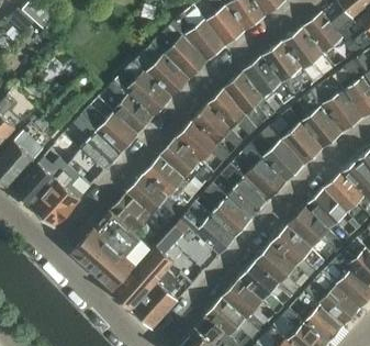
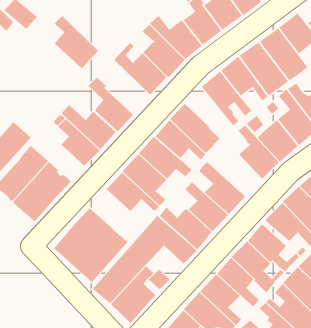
building: [124,62,170,116] -> [54,15,99,69]
building: [205,90,255,136] -> none
building: [242,145,284,201] -> none
building: [109,193,150,234] -> none

